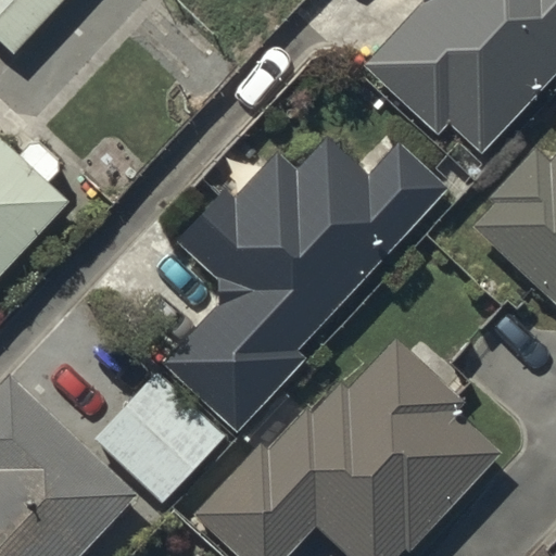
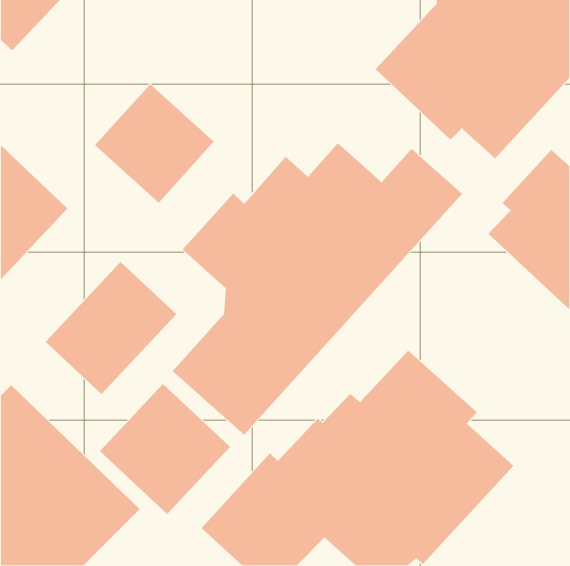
building: none -> [94,83,215,203]
building: none -> [45,261,177,395]

